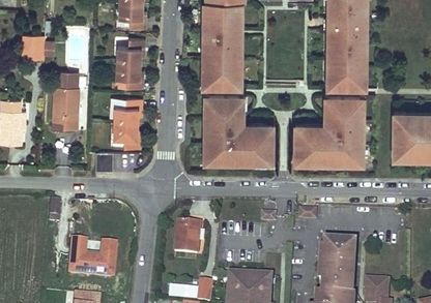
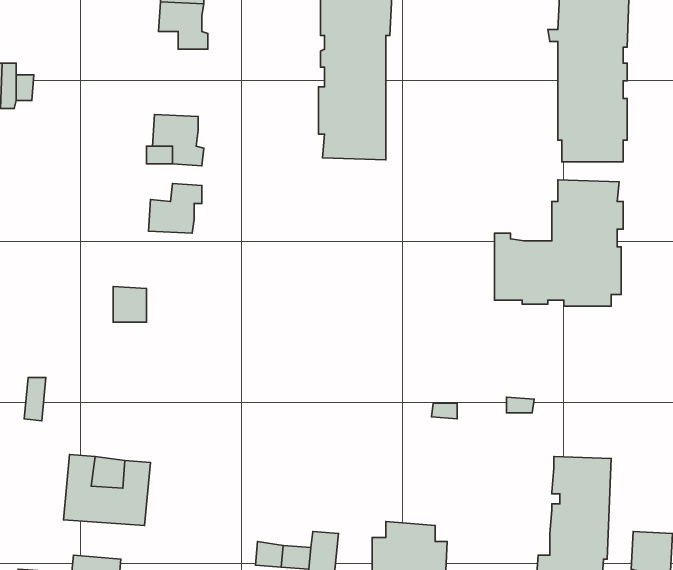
building: [117,38,144,63] -> none
building: [54,75,80,129] -> none
building: [205,95,271,161] -> none
building: [114,123,140,149] -> none
building: [175,220,202,254] -> none

